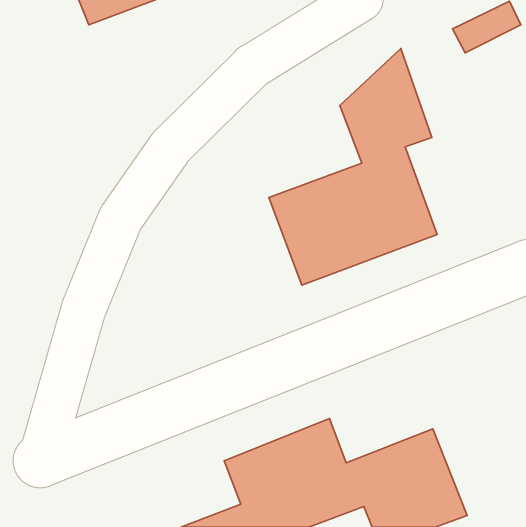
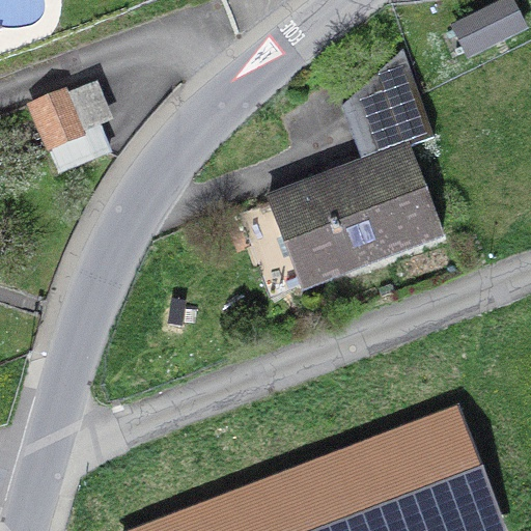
building: none -> [36,84,110,171]

